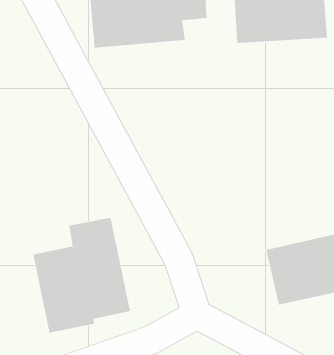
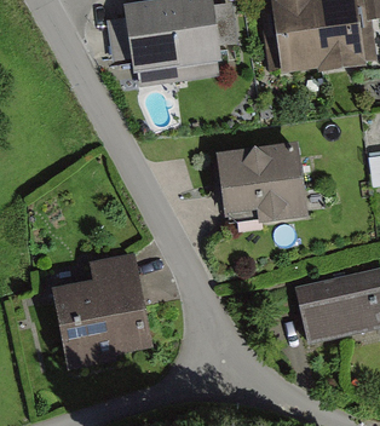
building: none -> [219,142,312,223]

